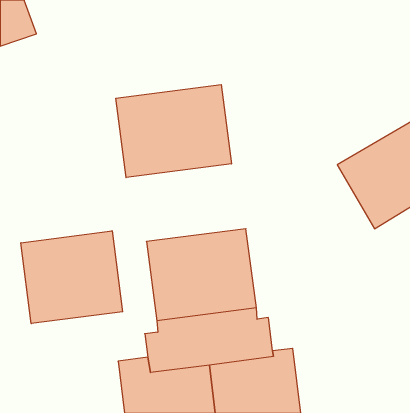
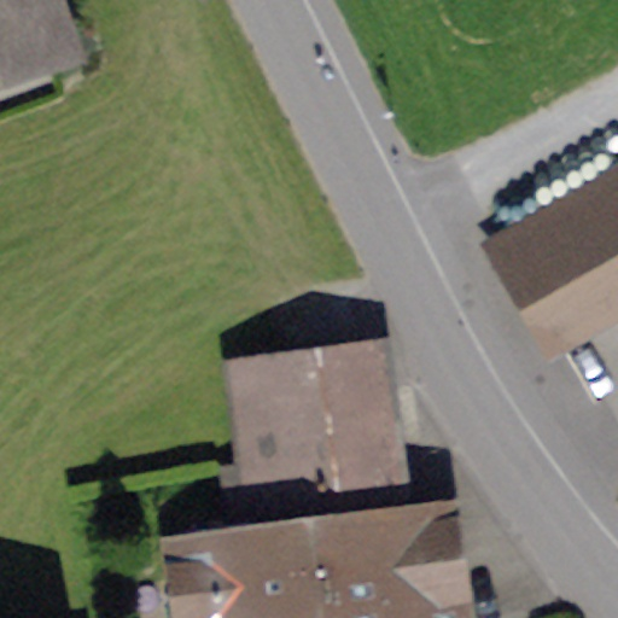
building: [116,85,231,178] -> none
building: [21,231,123,324] -> none

